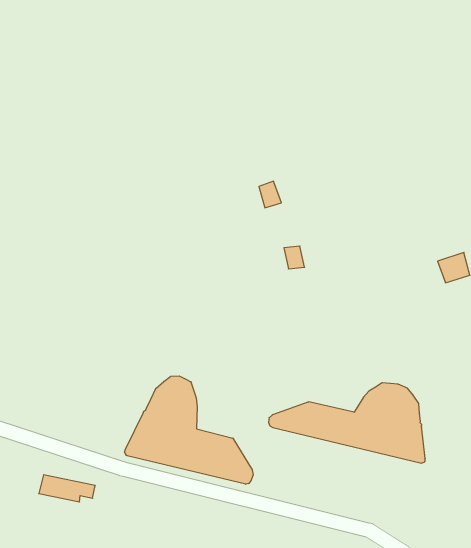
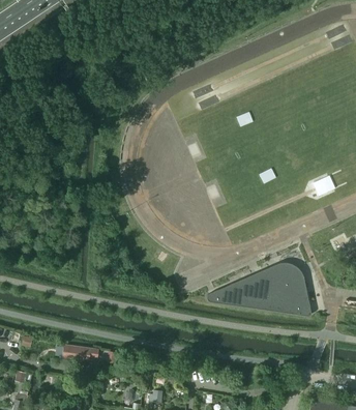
building: [124,376,253,484] -> none

